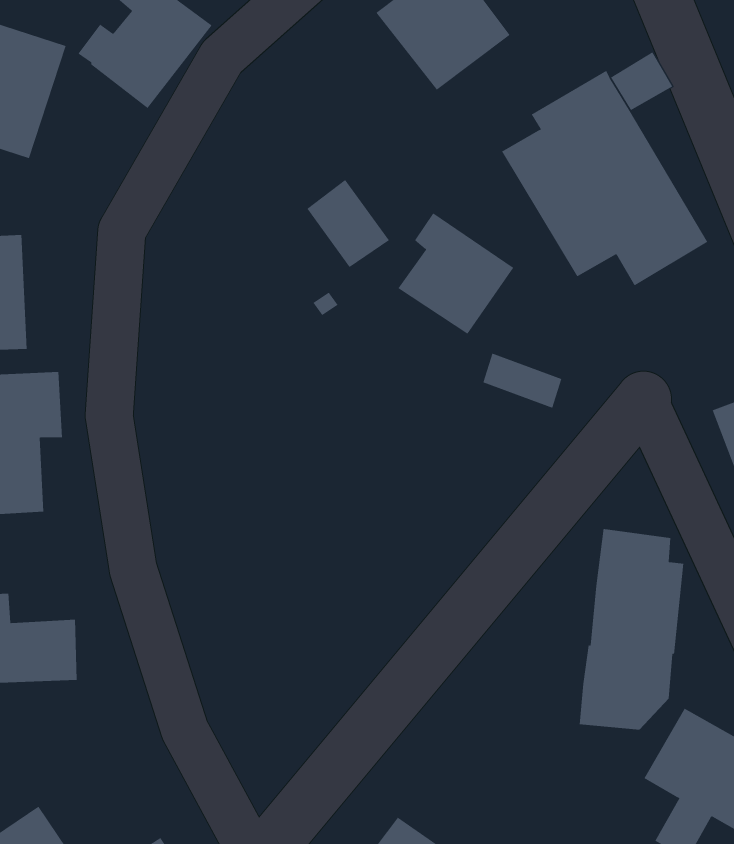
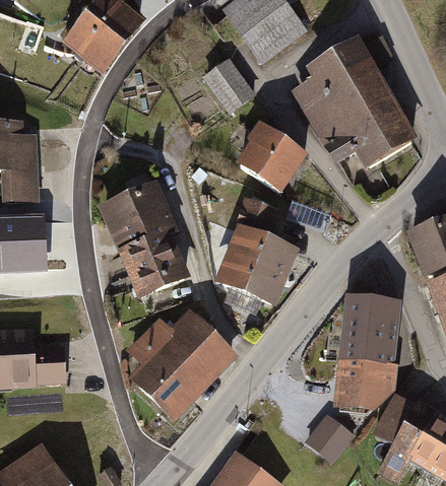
building: [307,179,390,268] -> [205,60,251,109]
building: none -> [111,187,183,293]
building: none -> [221,201,291,300]
building: none -> [131,313,230,414]
building: none -> [307,414,351,459]

